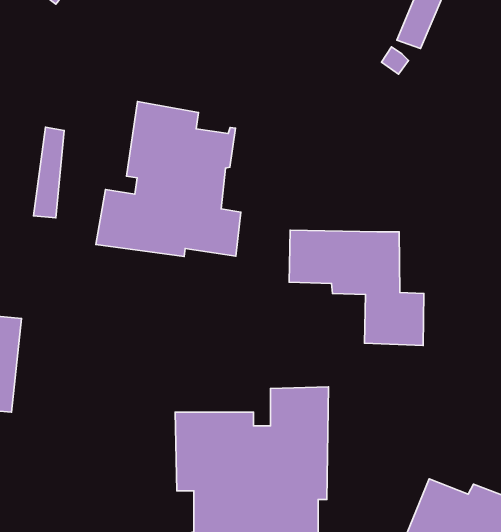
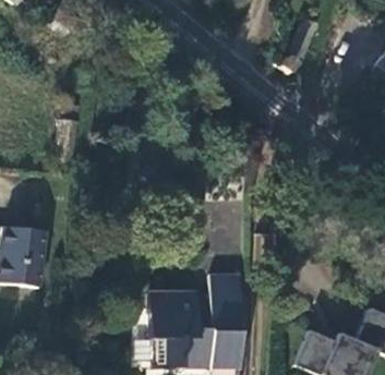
building: [96,101,241,256] -> none
building: [289,230,424,345] -> none

